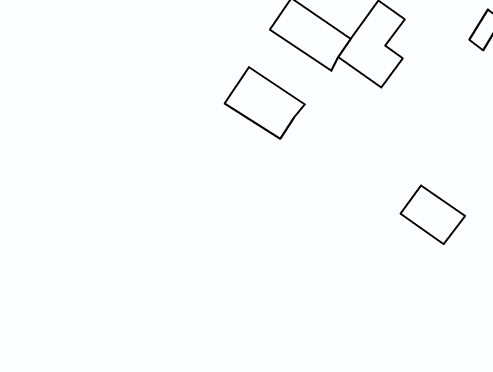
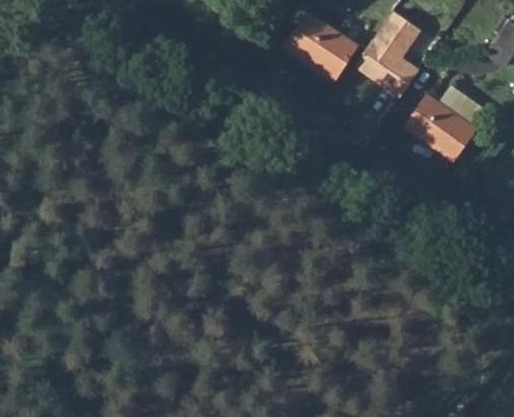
building: [225,67,305,139] -> none
building: [401,185,465,244] -> [406,96,473,157]

